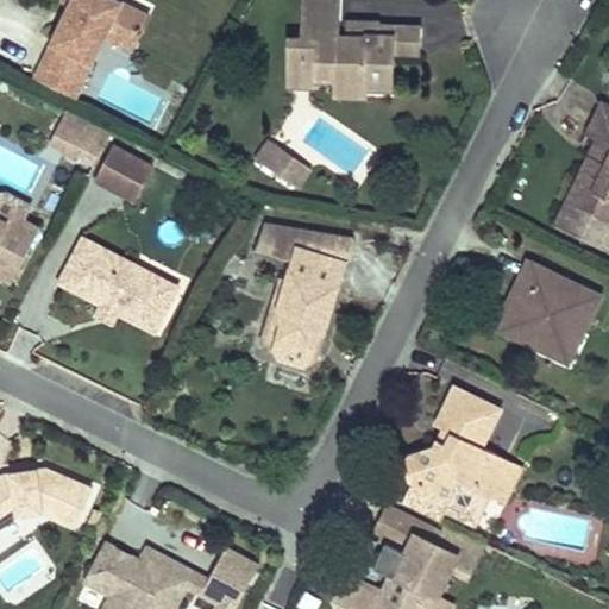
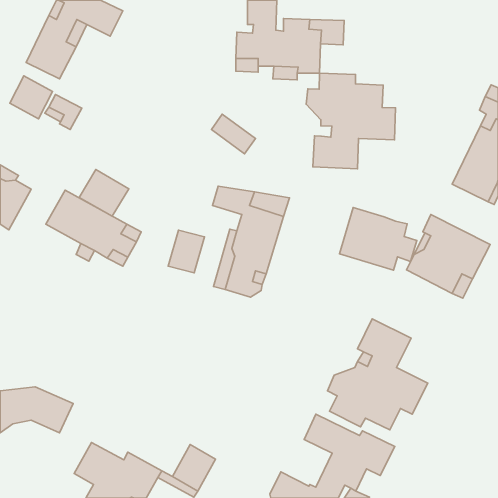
building: none -> [306,73,396,169]
building: none -> [10,76,53,119]
building: [93,145,153,202] -> [79,169,129,216]
building: none -> [340,207,417,270]
building: none -> [168,230,205,273]

